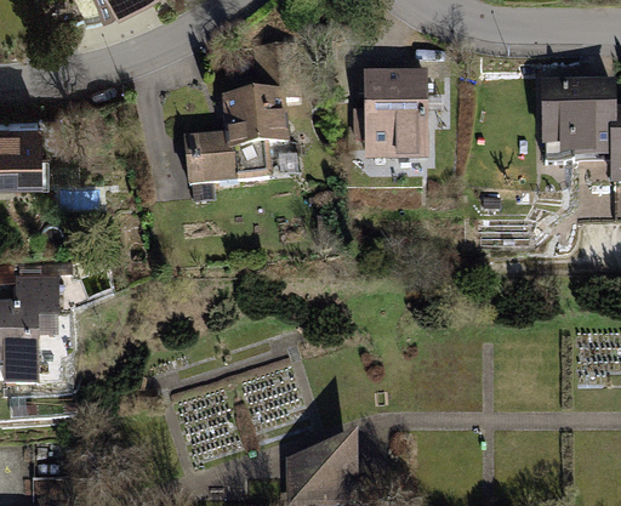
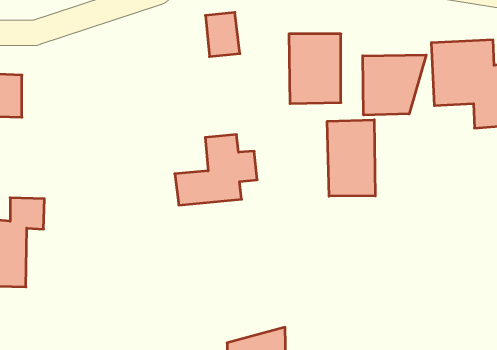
building: [184,95,286,182] -> [175,135,257,205]
building: none -> [363,55,426,115]
building: none -> [327,120,375,196]

